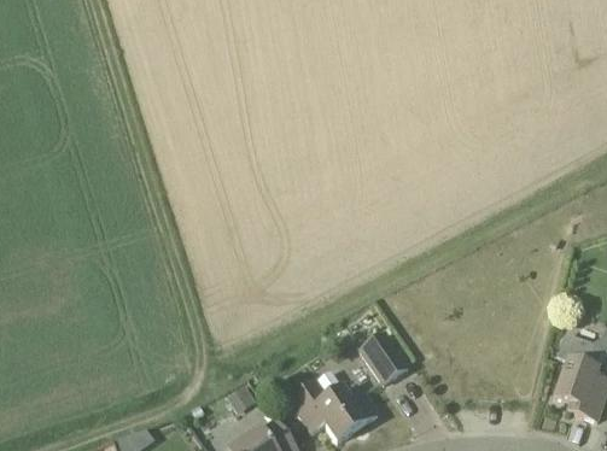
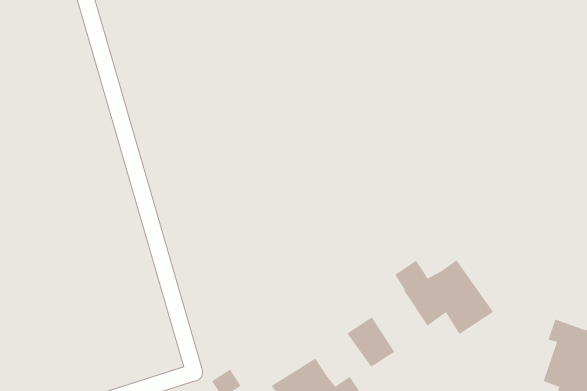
building: none -> [394,260,494,335]

